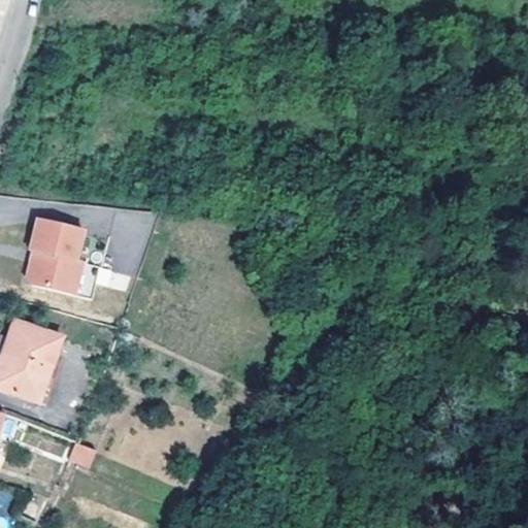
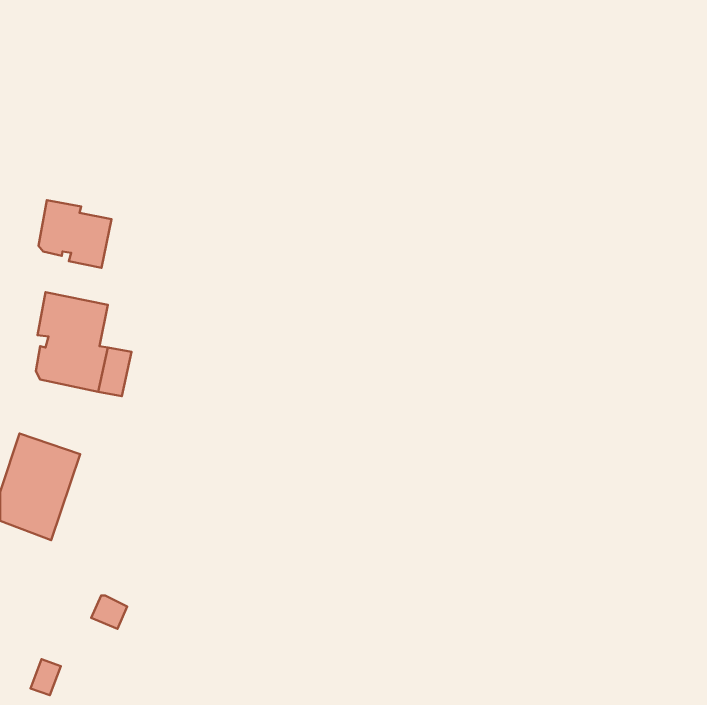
building: none -> [38,200,111,268]

